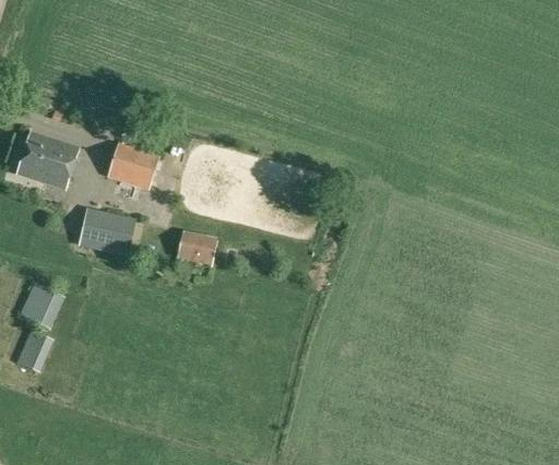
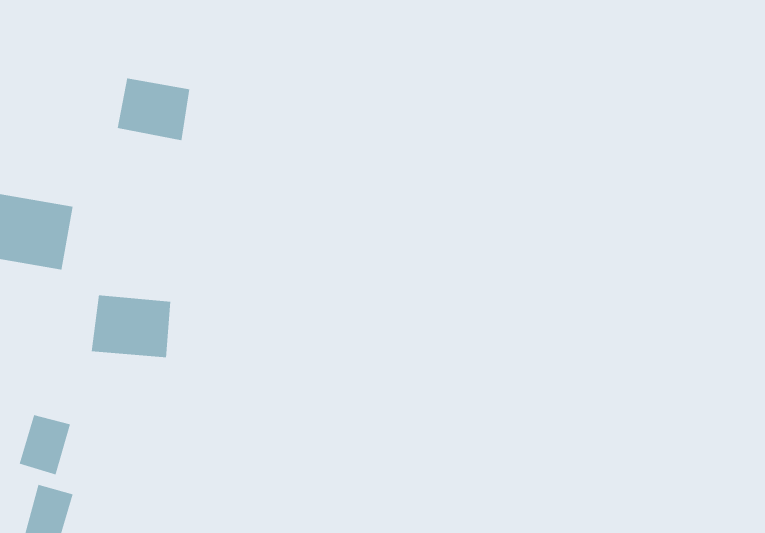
building: [106,142,158,189] -> [117,78,190,141]
building: [186,240,224,262] -> none

